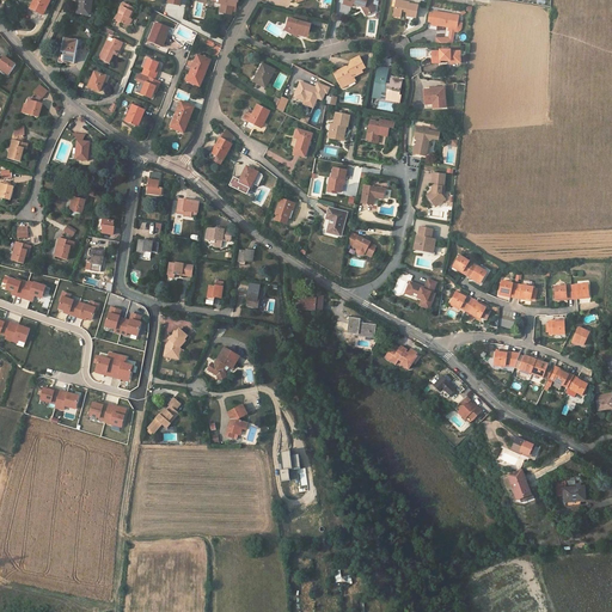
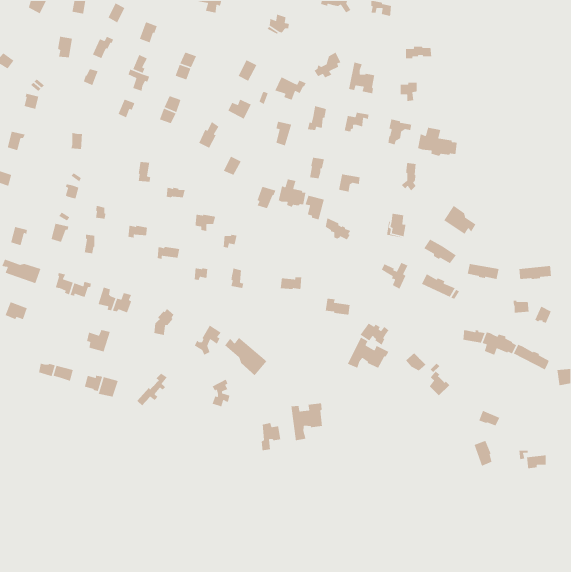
building: [429,10,465,31] -> none
building: none -> [417,127,458,157]
building: none -> [278,178,307,208]
building: none -> [443,205,477,235]
building: none -> [347,337,389,369]
building: none -> [224,337,268,376]
building: none -> [291,403,323,441]

